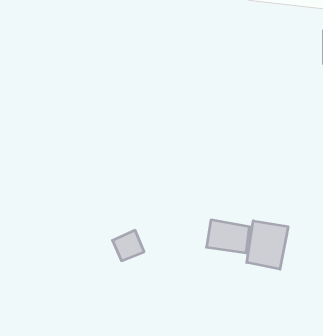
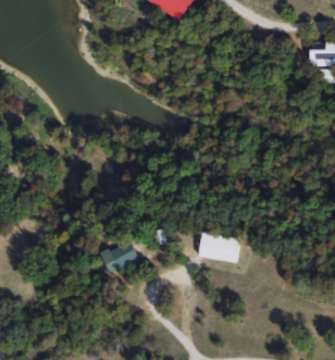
building: [247,221,288,269] -> none

